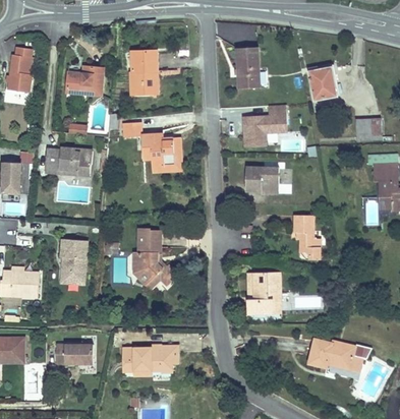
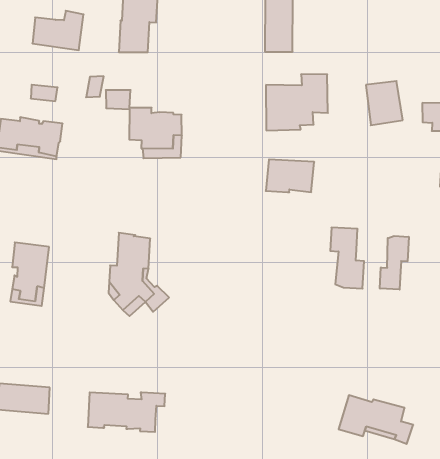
building: [308,66,337,100] -> [366,81,403,125]
building: none -> [380,236,409,290]
building: [247,273,280,312] -> none

